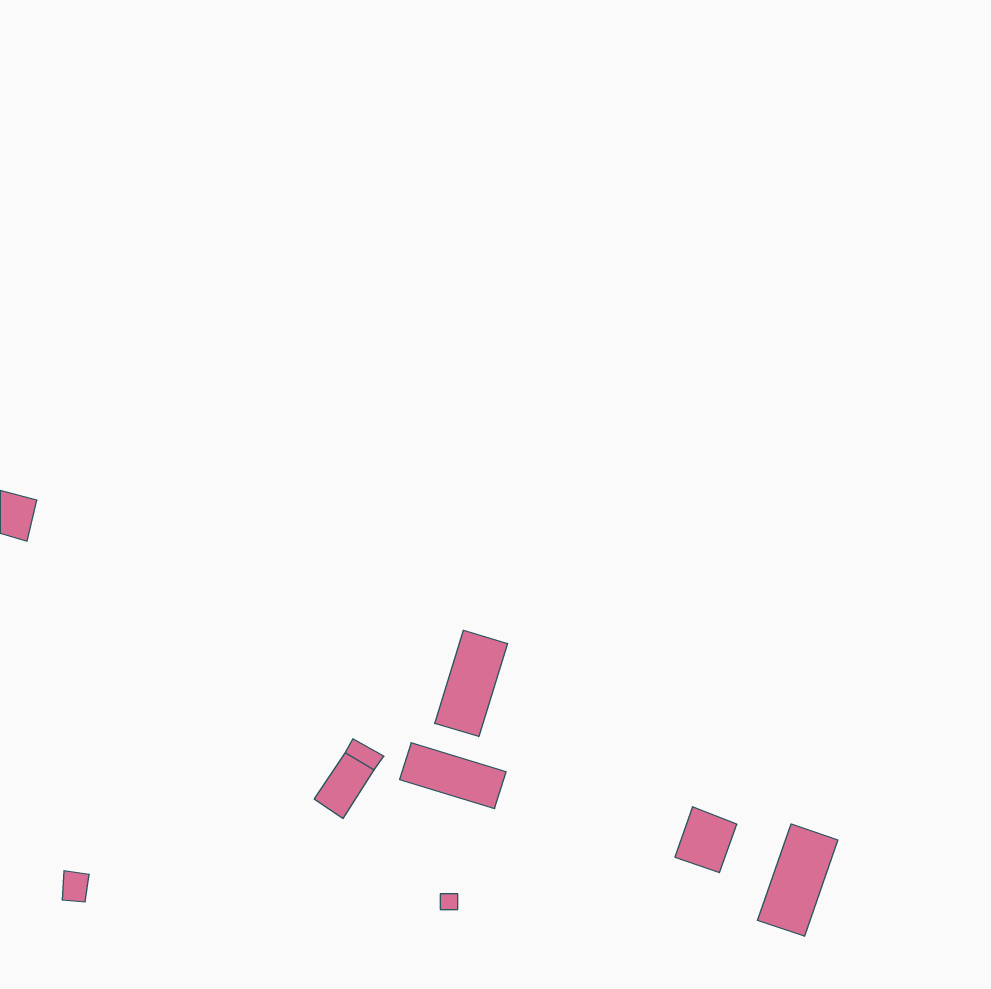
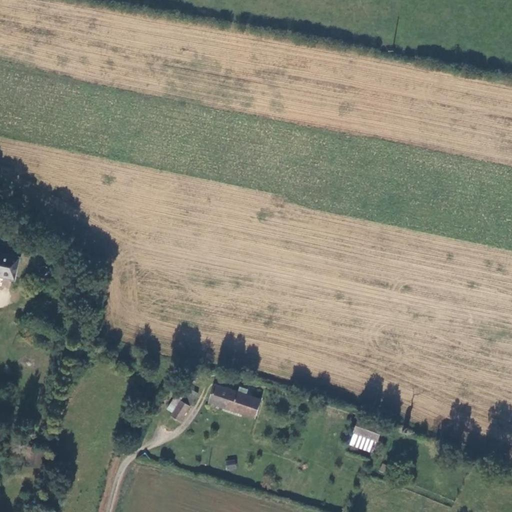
building: [435,630,507,737] -> none
building: [758,824,838,936] -> none

